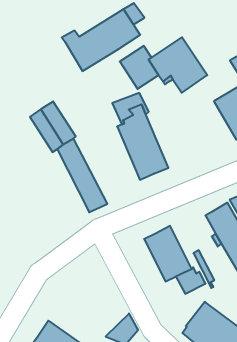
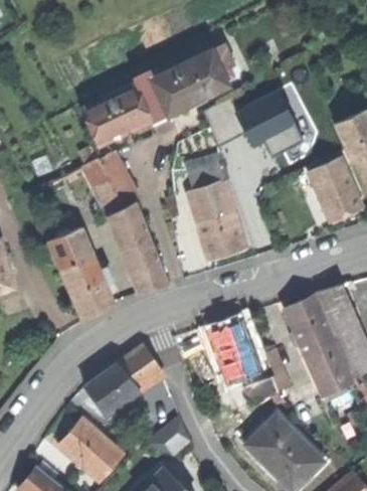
building: none -> [81,81,153,146]
building: none -> [47,228,113,321]
building: none -> [85,344,161,414]

